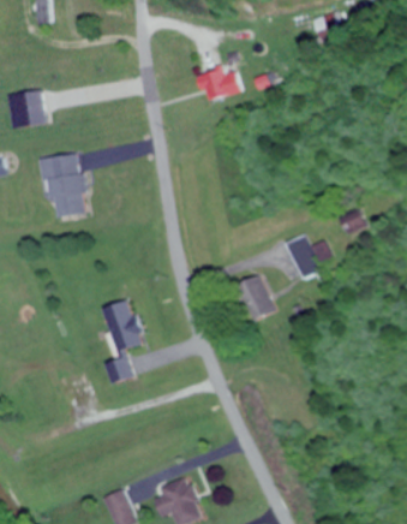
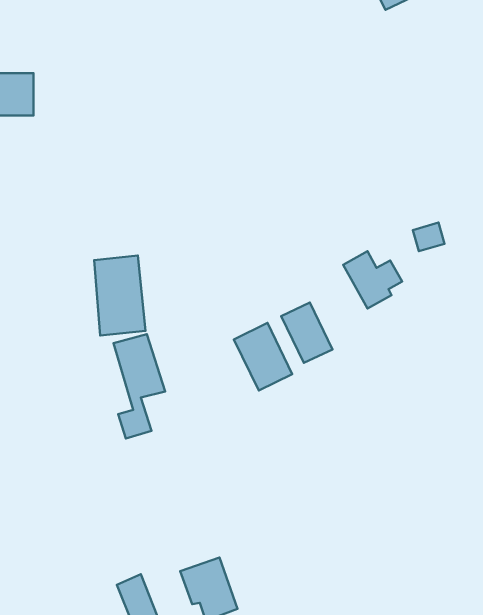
building: [197,65,240,100] -> none
building: [43,153,84,216] -> [94,256,145,335]
building: none -> [234,323,292,391]

